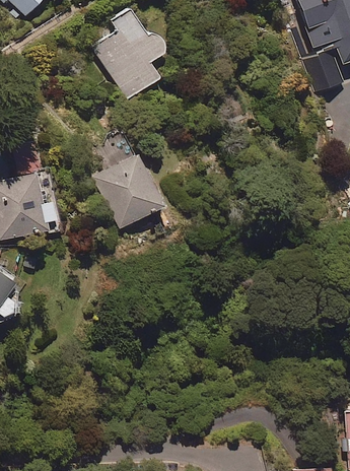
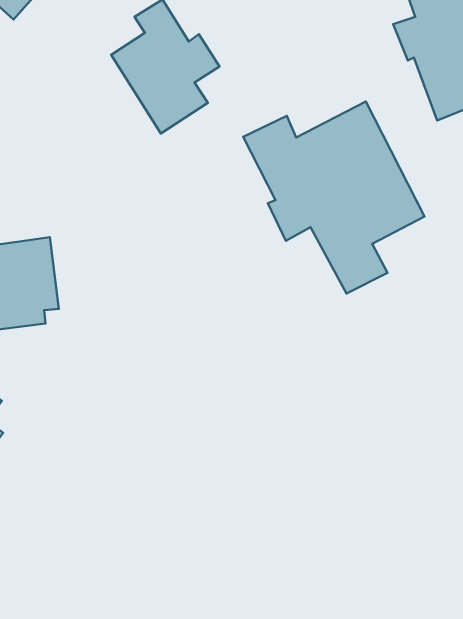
building: none -> [243,102,424,294]
building: [93,142,164,225] -> none

